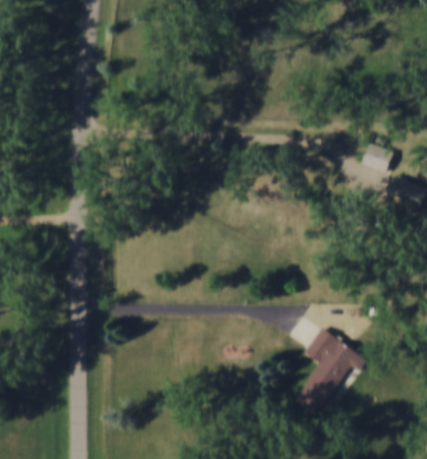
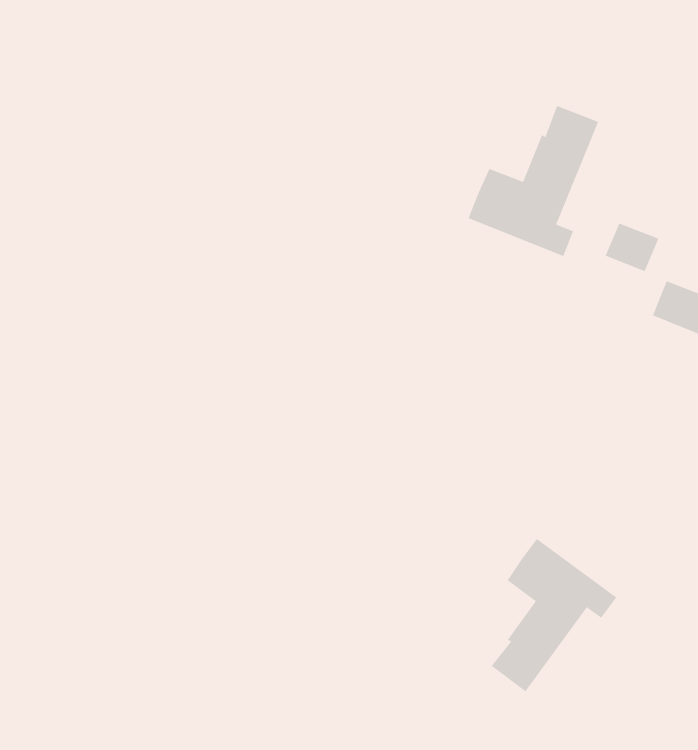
building: none -> [468,105,599,257]

